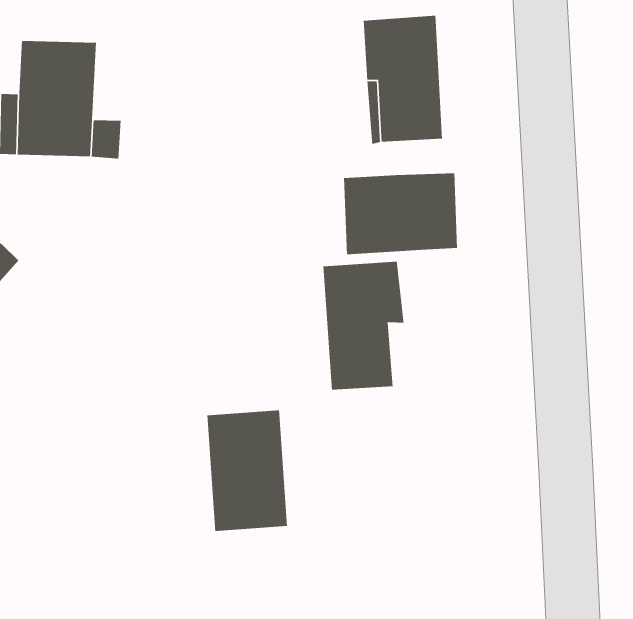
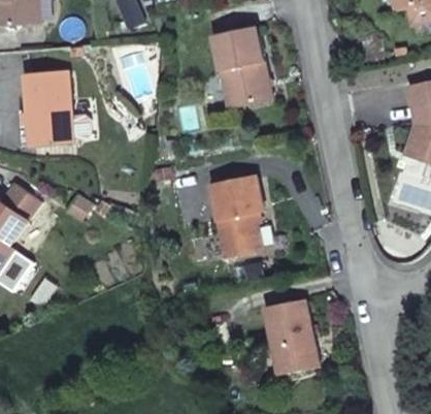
building: [343,172,458,255] -> none
building: [207,410,288,532] -> [269,293,325,369]

